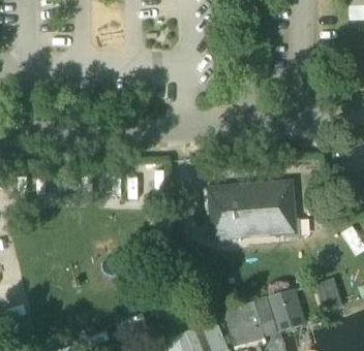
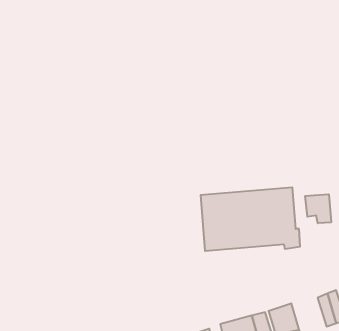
building: none -> [305,194,331,223]

